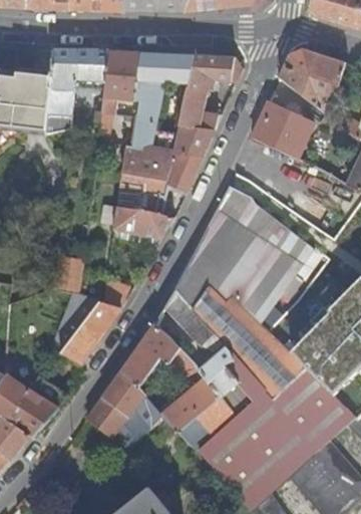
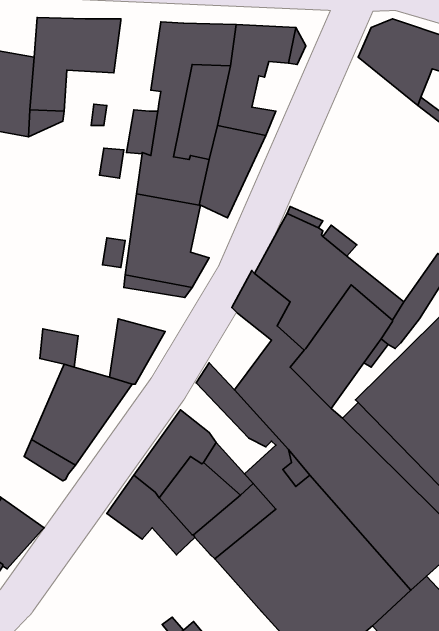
building: [104,50,140,112] -> none
building: [252,102,313,161] -> none
building: [174,257,219,311] -> none
building: [87,399,127,437] -> none

